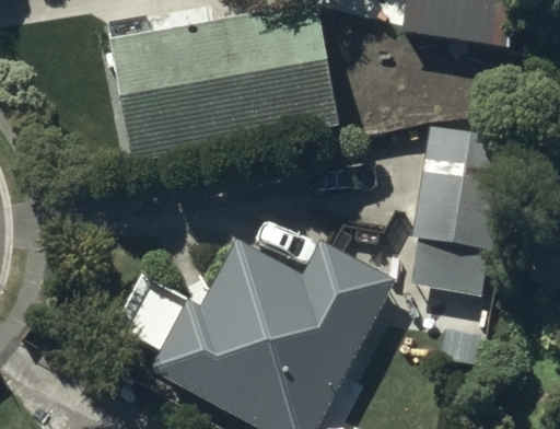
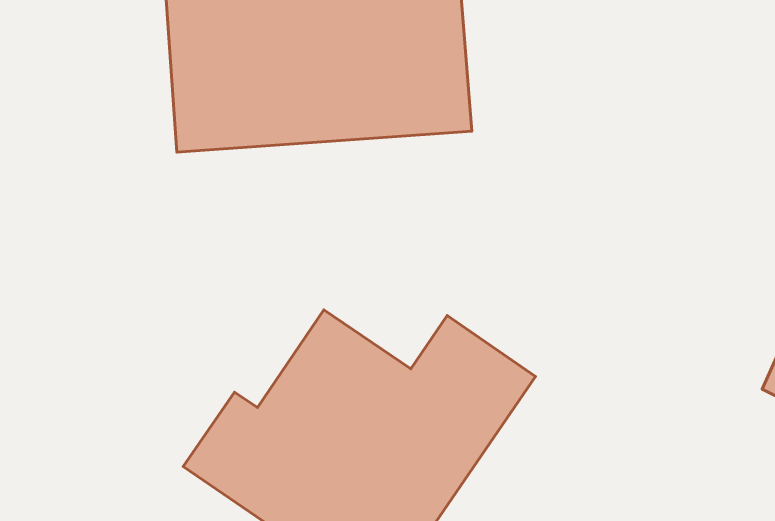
building: [417,139,513,247] -> none

